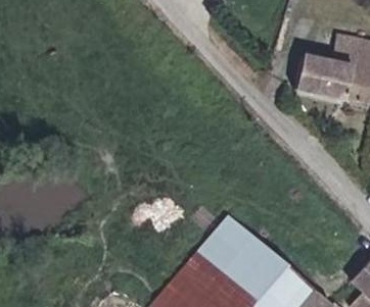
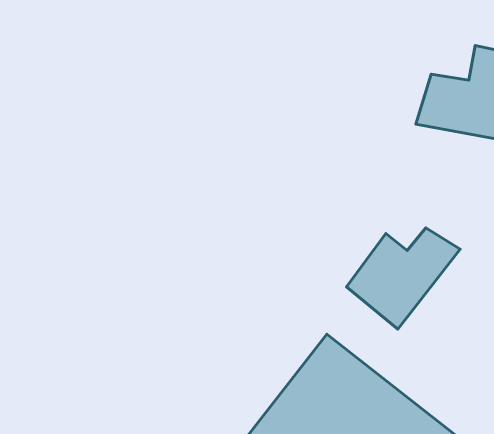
building: none -> [346,228,460,329]

